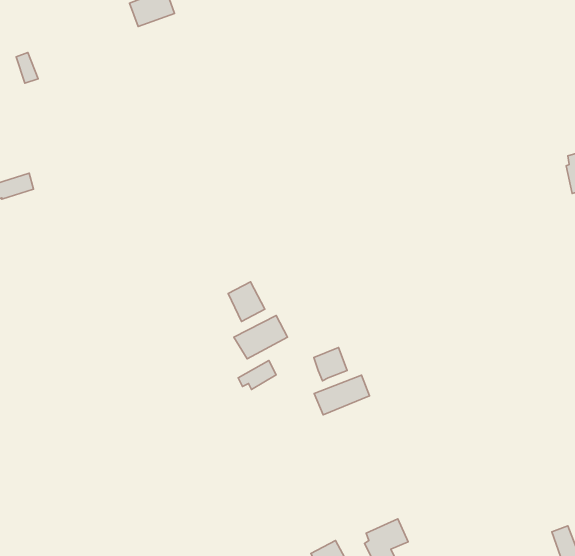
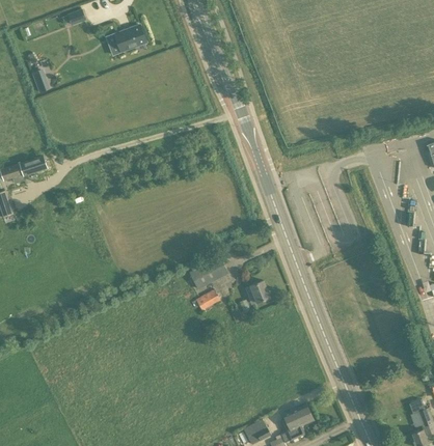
building: [228,282,265,322] -> none
building: [314,375,369,415] -> none

